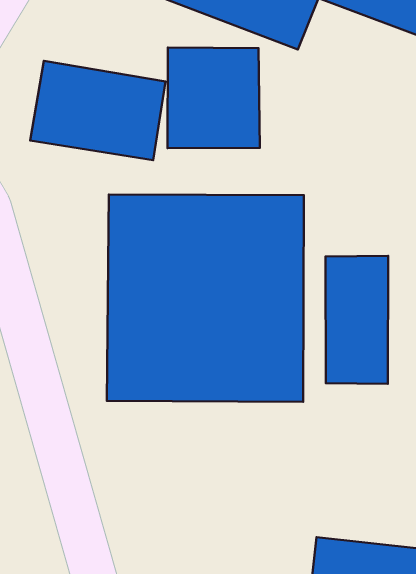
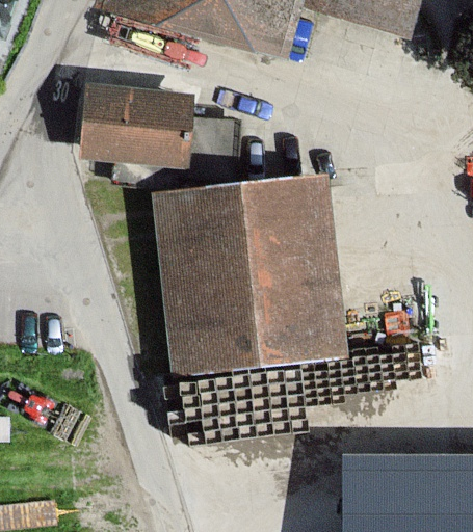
building: [167,48,260,148] -> none
building: [325,256,388,384] -> none

